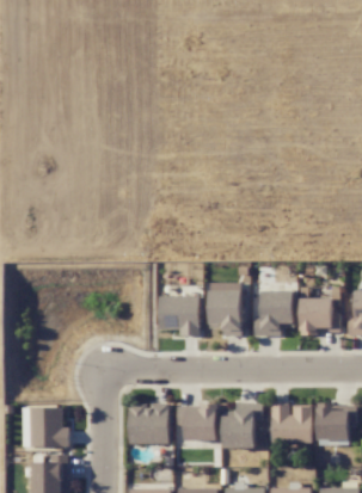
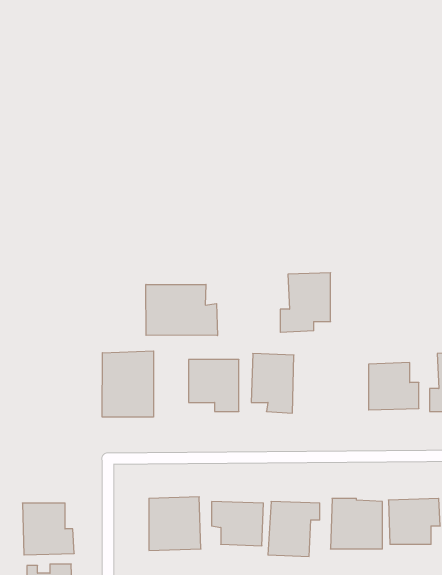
building: none -> [146,284,217,336]
building: none -> [102,351,153,417]
building: [254,290,294,337] -> [280,273,331,332]

